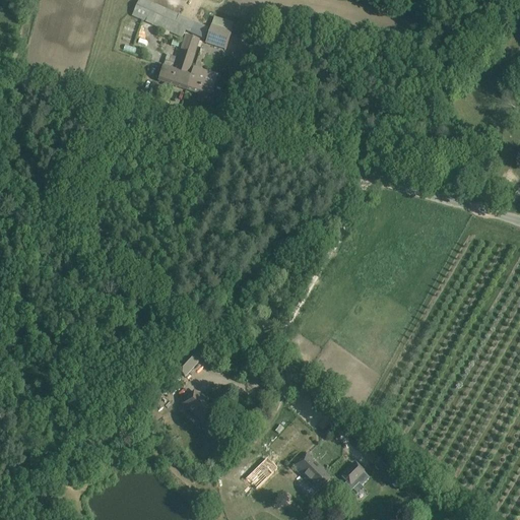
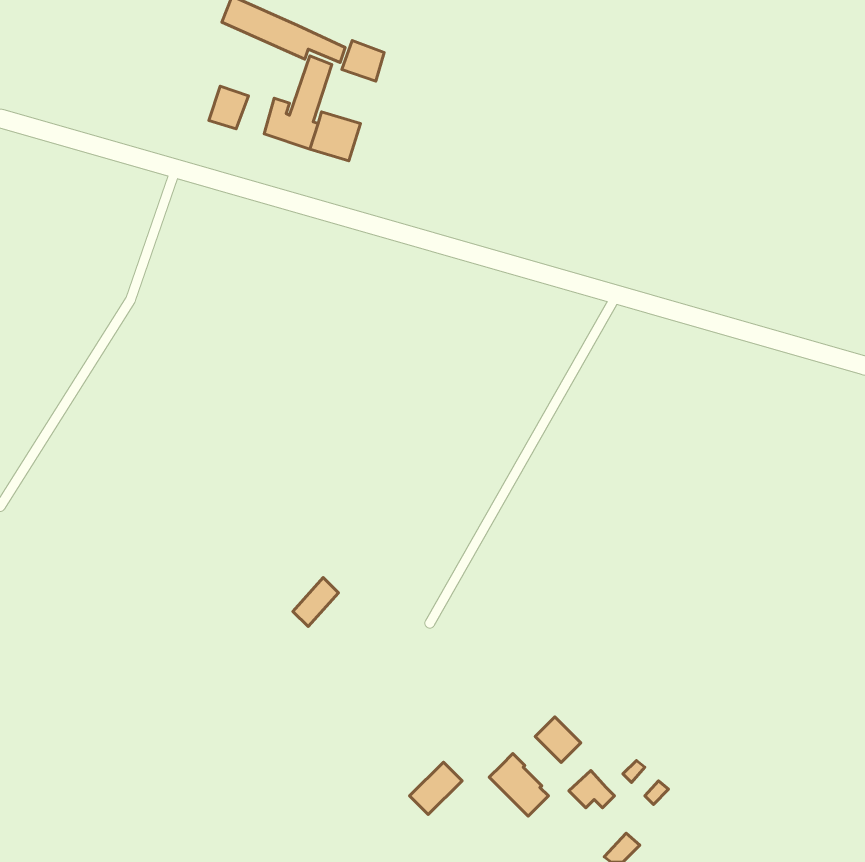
building: none -> [209,86,249,129]
building: [181,390,210,418] -> none
building: none -> [535,717,581,763]

